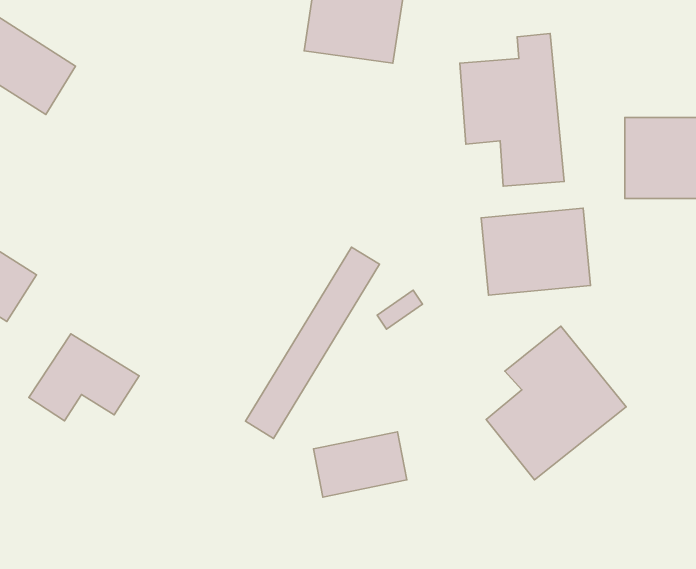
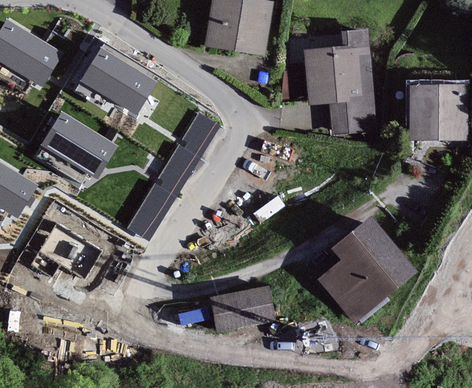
building: none -> [80,48,153,113]
building: none -> [42,112,115,177]
building: [481,208,590,295] -> none
building: [246,247,379,438] -> [129,115,215,238]

